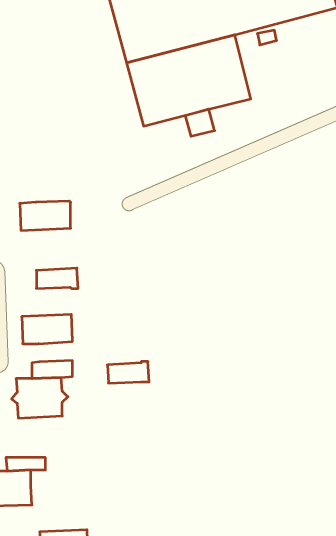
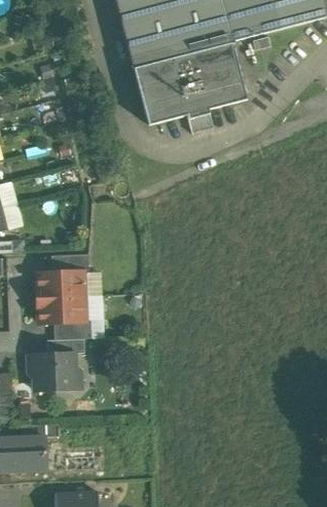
building: [20,201,71,230] -> [37,271,83,298]
building: [107,362,149,383] -> [53,320,92,339]

